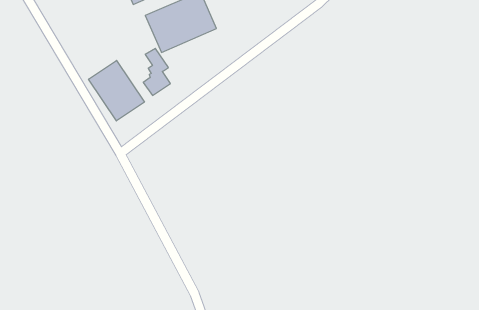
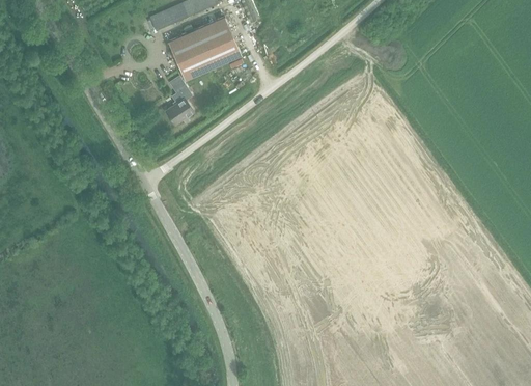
building: [89,60,144,121] -> none

